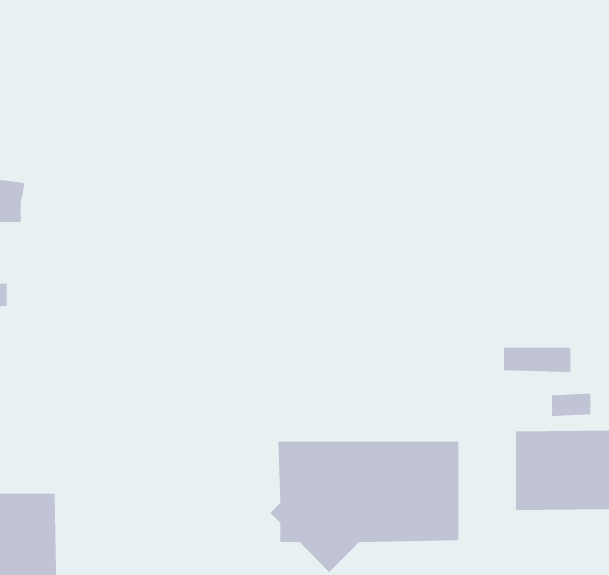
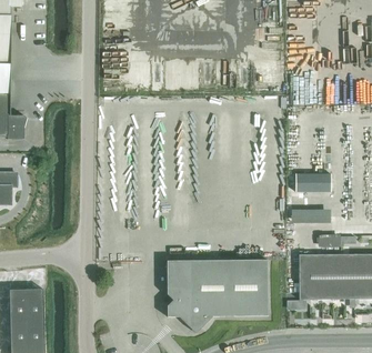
building: none -> [296,173,332,192]

